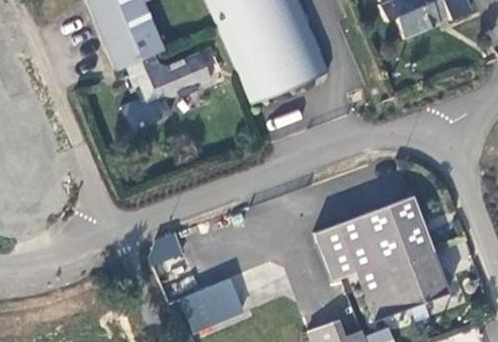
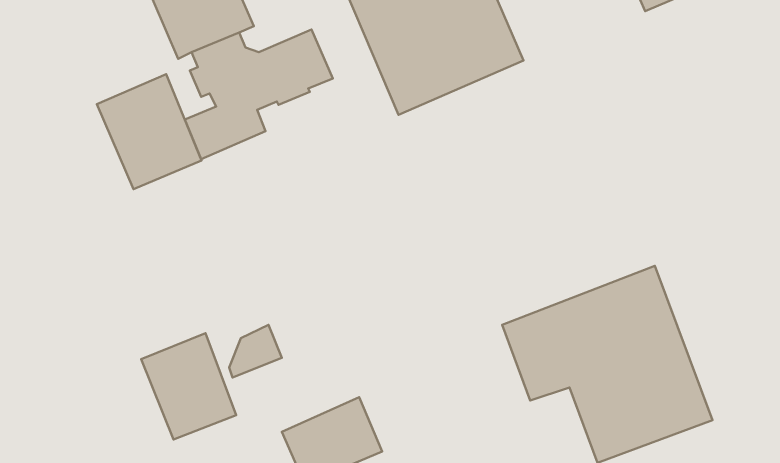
building: none -> [97,74,202,189]
building: none -> [141,333,236,440]

